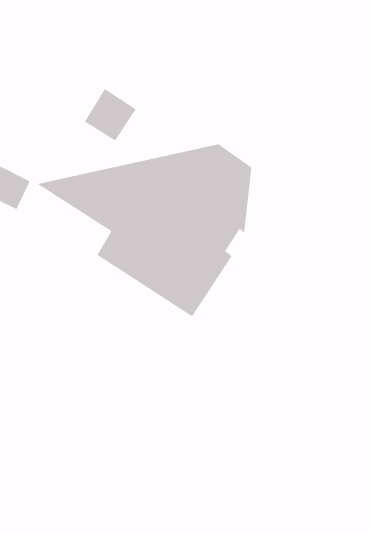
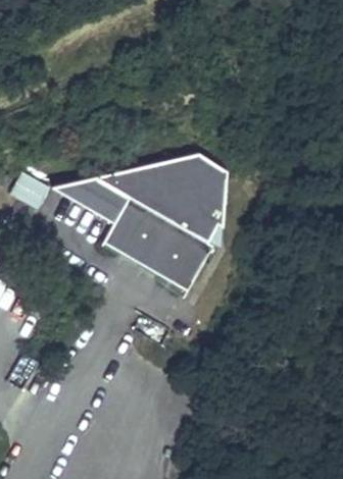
building: [84,88,137,141] -> none

